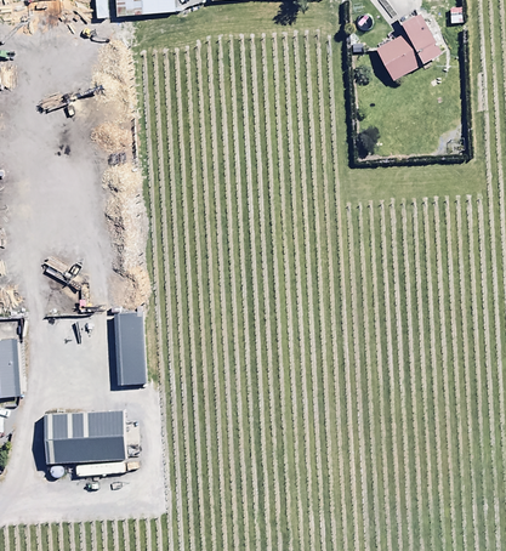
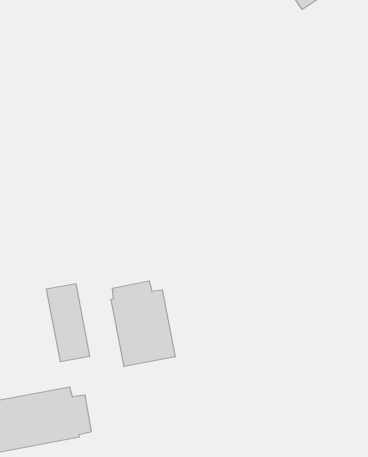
building: none -> [111,281,175,367]

